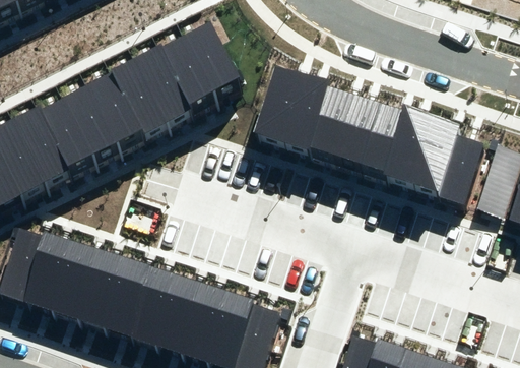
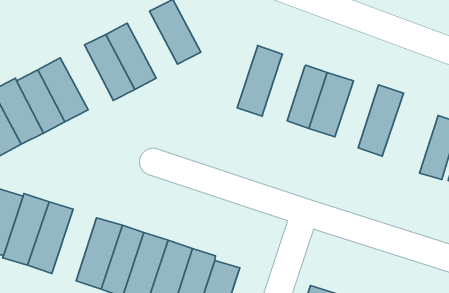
building: [159,35,215,108] -> none
building: [253,64,302,140] -> none
building: [86,71,142,142] -> none
building: [308,86,353,155] -> none
building: [385,107,434,184] -> none
building: [438,136,485,202] -> none
building: [77,251,126,329] -> none

